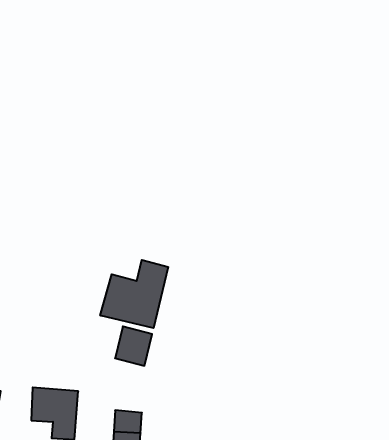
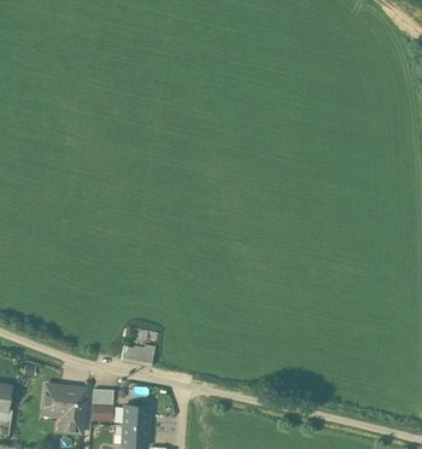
building: [100,260,168,328] -> none
building: none -> [88,390,110,422]

